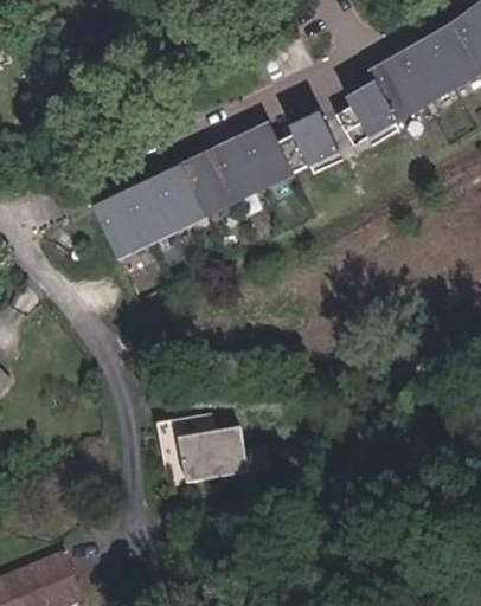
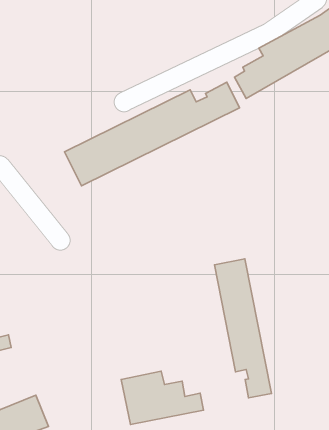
building: none -> [214,259,271,398]
building: [155,410,270,484] -> [121,371,204,425]

